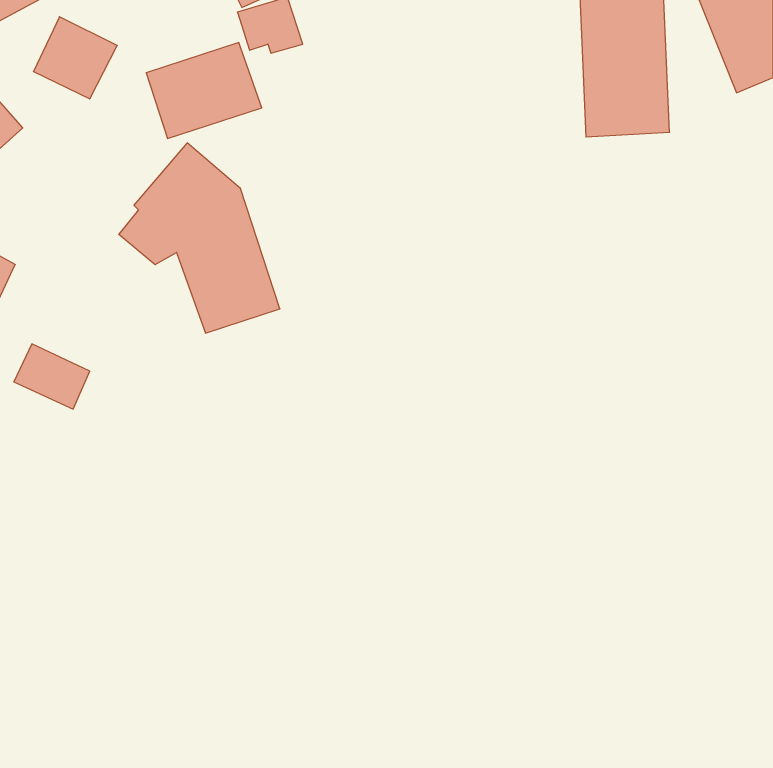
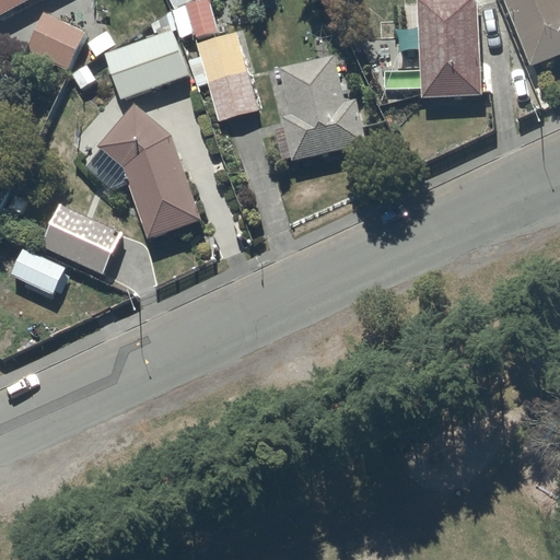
building: none -> [196,31,258,120]
building: none -> [275,55,368,161]
building: none -> [39,202,121,275]

